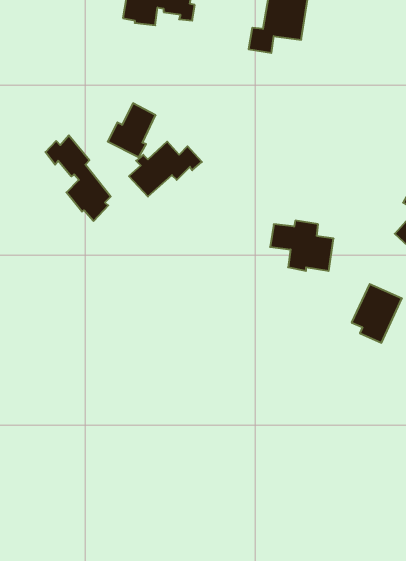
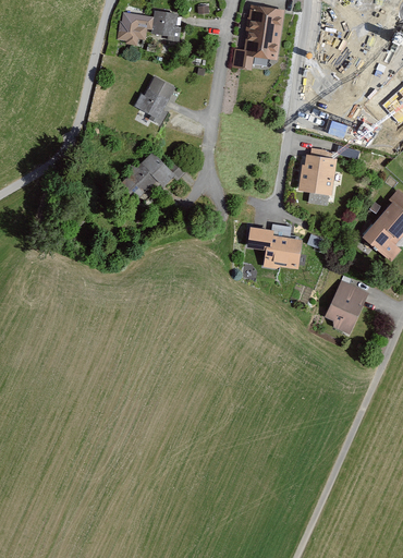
building: [108,103,156,157] -> [133,74,176,123]
building: [45,135,111,221] -> none
building: none -> [298,145,339,205]

